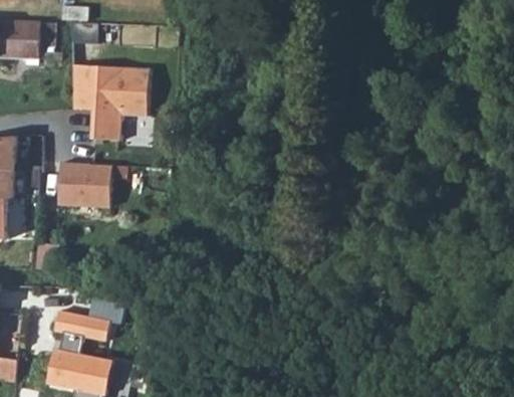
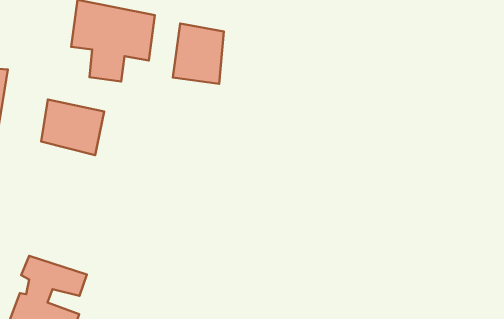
building: none -> [173,24,224,84]

